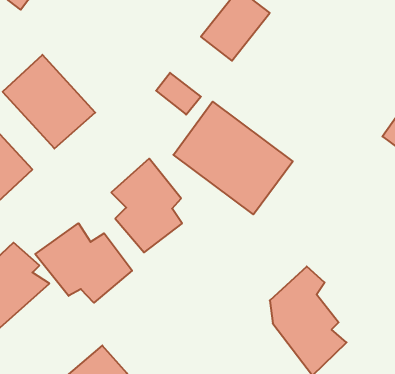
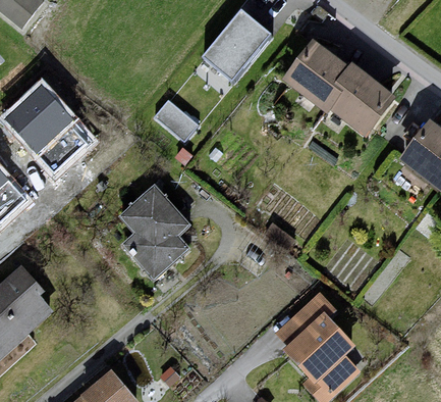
building: none -> [275,36,393,135]
building: [173,102,293,214] -> none
building: [35,223,132,303] -> none

